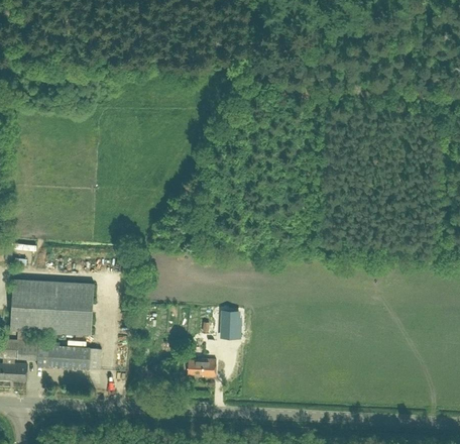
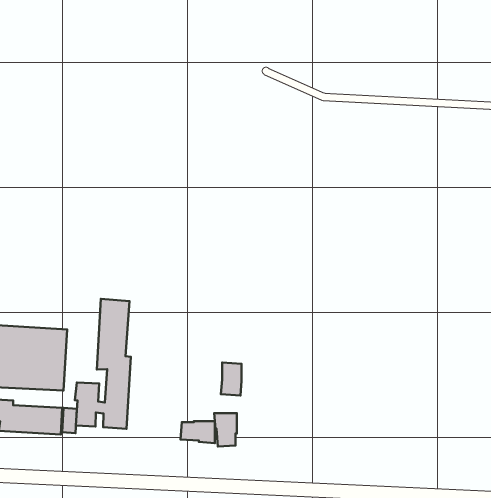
building: none -> [75,299,131,429]
building: none -> [214,413,237,447]

